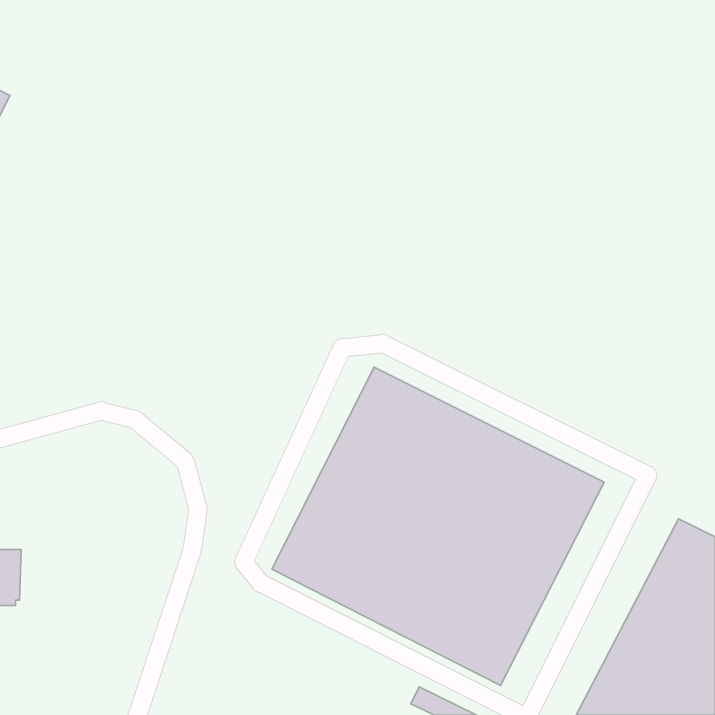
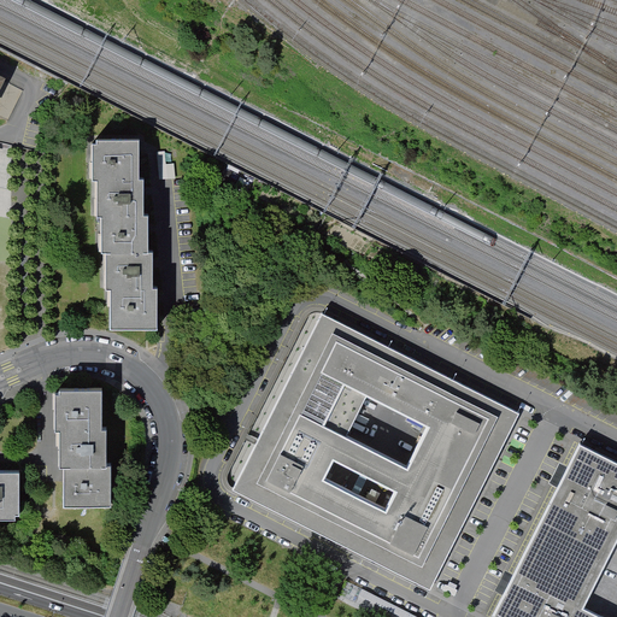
building: none -> [89,136,157,331]
building: none -> [53,389,112,509]

